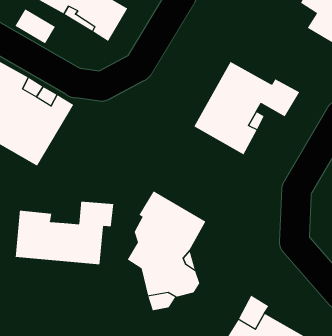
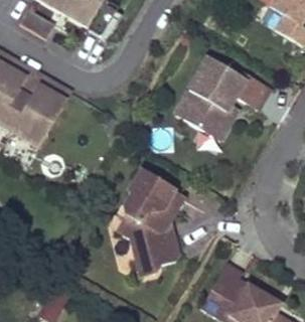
building: [15,201,114,265] -> none

